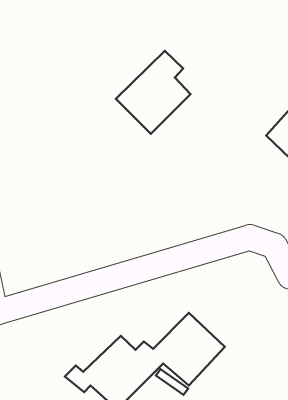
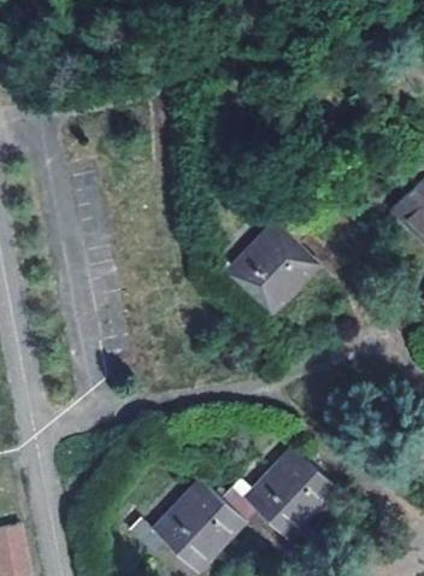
building: [116,51,191,134] -> [223,208,320,317]

